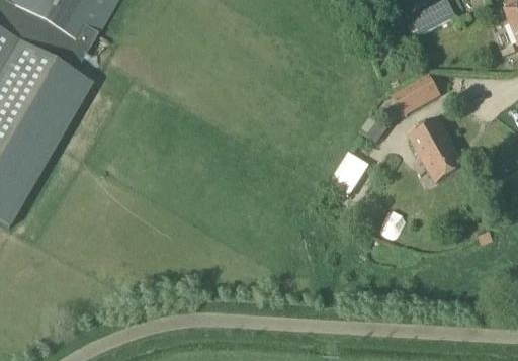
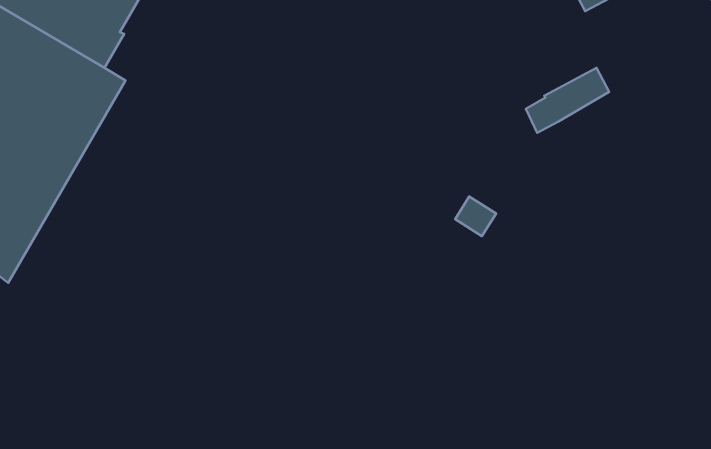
building: [408,116,463,180] -> none

